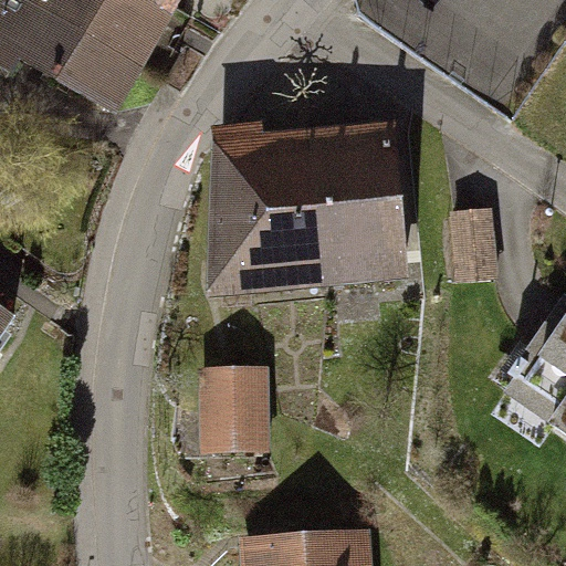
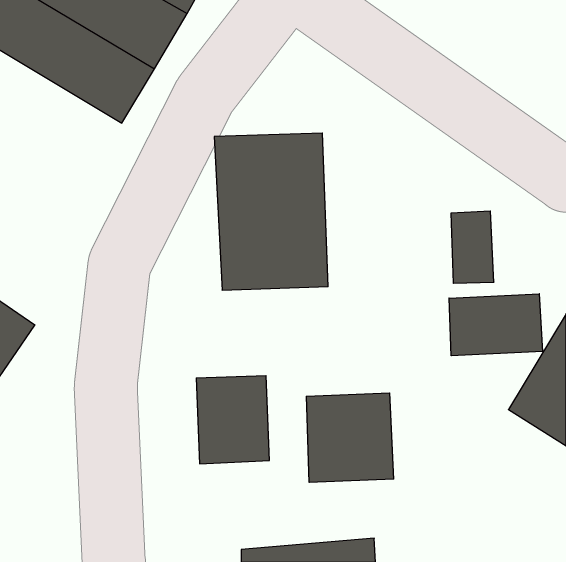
building: [316,128,408,281] -> none
building: none -> [449,294,543,356]
building: none -> [306,393,394,482]

